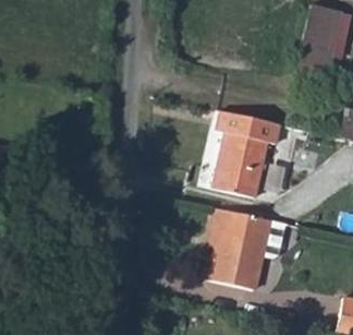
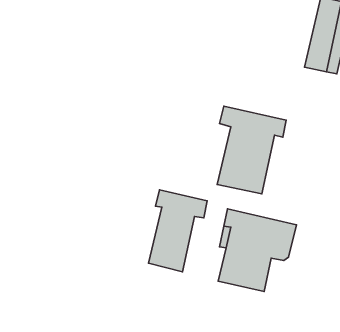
building: none -> [148,190,207,272]

